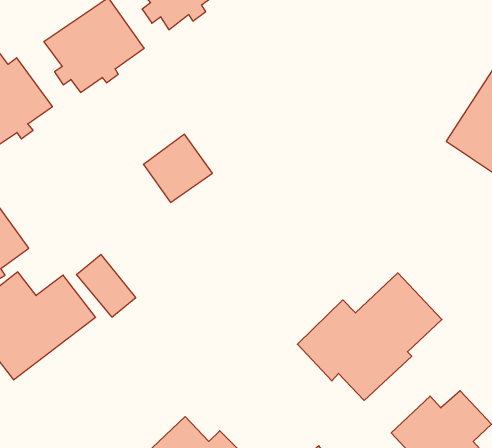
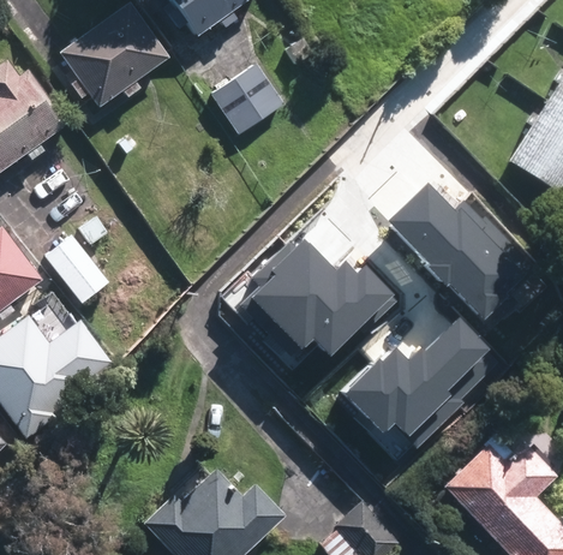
building: [143,134,212,202] -> [211,62,288,138]
building: none -> [379,173,523,317]
building: none -> [245,235,389,350]
building: [76,254,136,317] -> [44,234,110,304]

